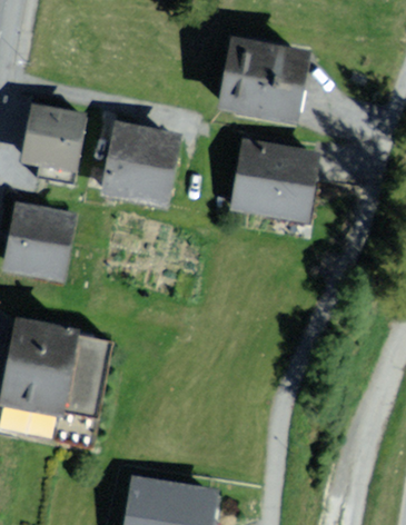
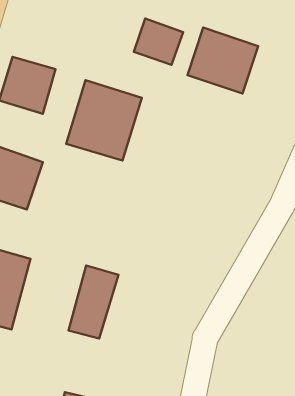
building: none -> [134,19,183,65]
building: [229,136,318,222] -> none
building: [60,337,110,418] -> [68,265,118,339]

